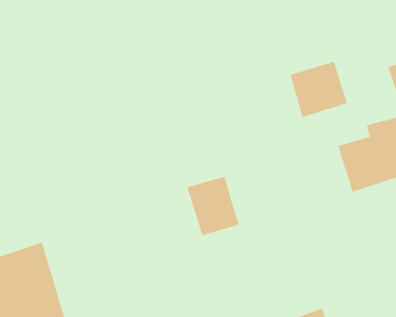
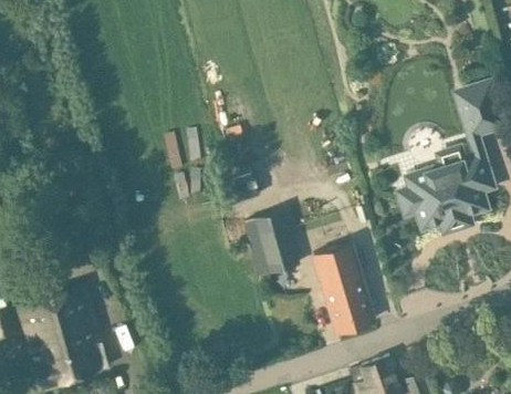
building: [290,61,348,118] -> none
building: none -> [310,248,369,334]

